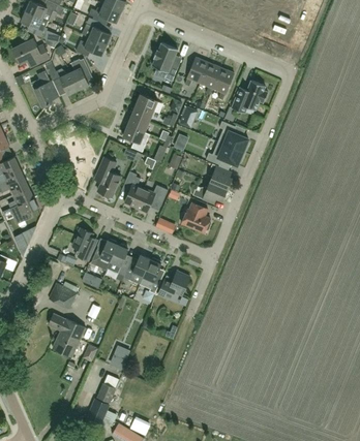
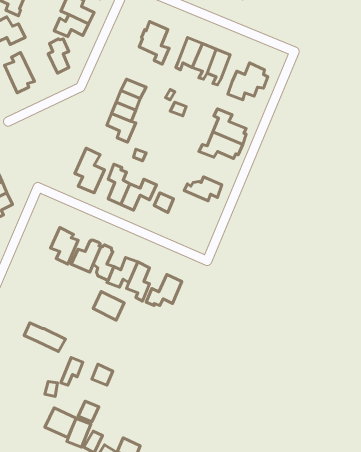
building: [49,68,78,94] -> none
building: [207,163,231,189] -> none
building: [180,201,209,232] -> none
building: [49,282,77,308] -> [93,291,124,320]
building: [51,329,79,356] -> [45,408,76,438]

